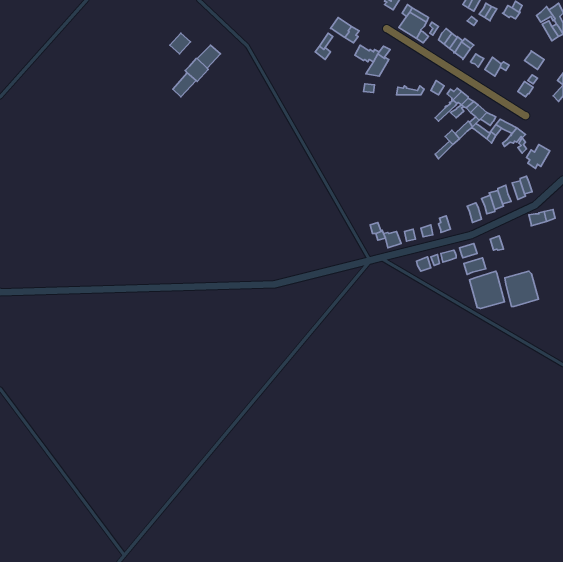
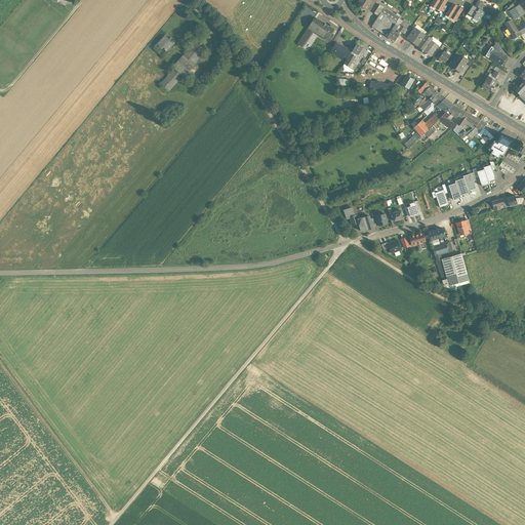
building: [505,271,539,306] -> none

